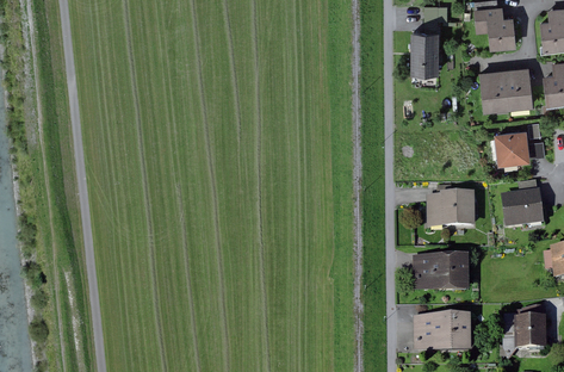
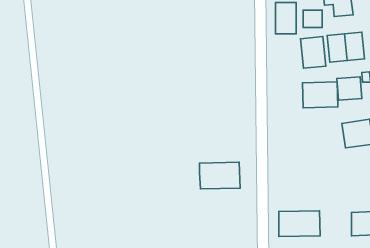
building: none -> [303,10,322,28]
building: none -> [300,37,326,68]
building: [426,193,475,229] -> [302,82,338,108]
building: [413,255,469,292] -> [199,162,240,189]

